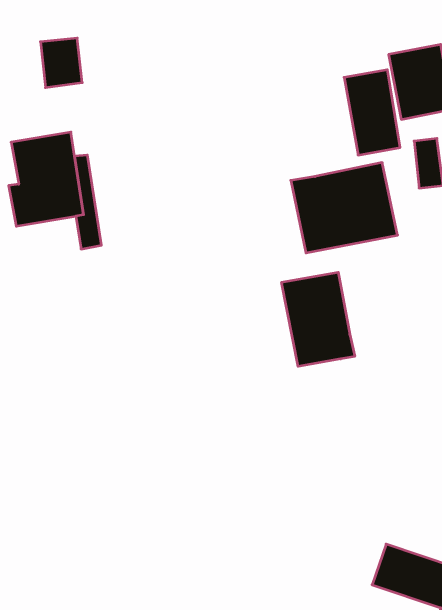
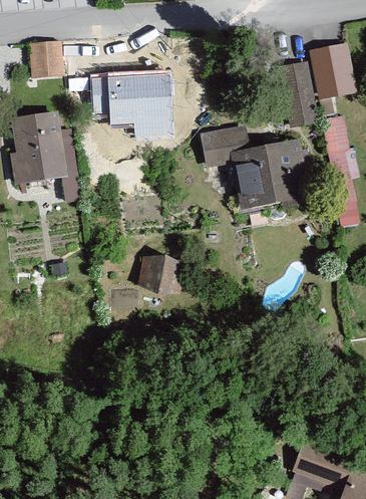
building: none -> [88,70,174,140]
building: none -> [200,127,249,168]
building: [282,272,355,366] -> none
building: none -> [146,250,187,291]

